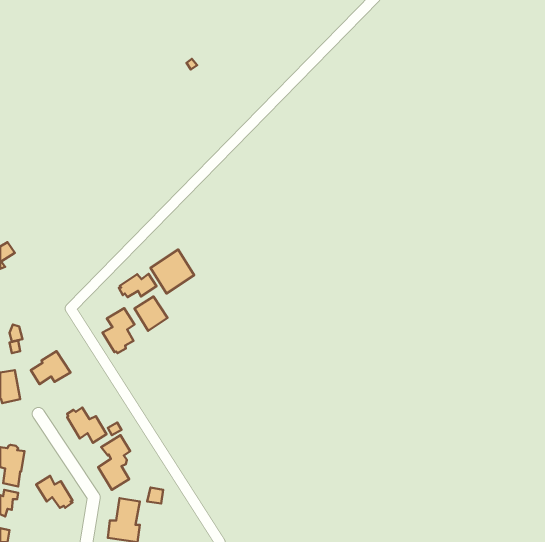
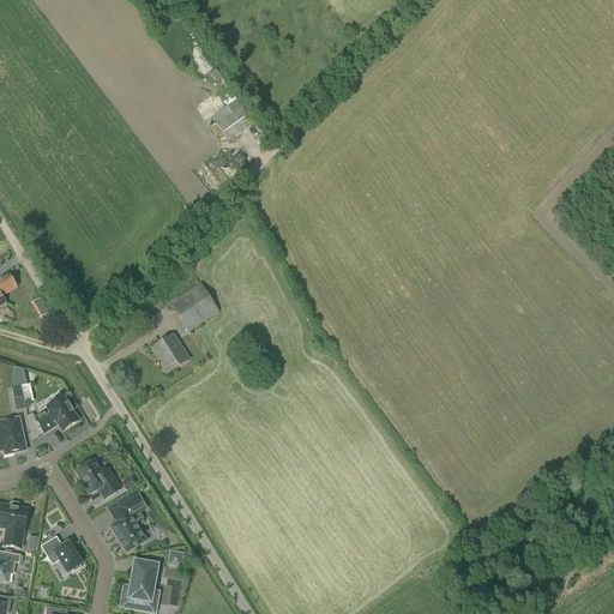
building: none -> [213,97,254,138]
building: [119,274,157,297] -> none
building: [102,308,135,353] -> none

